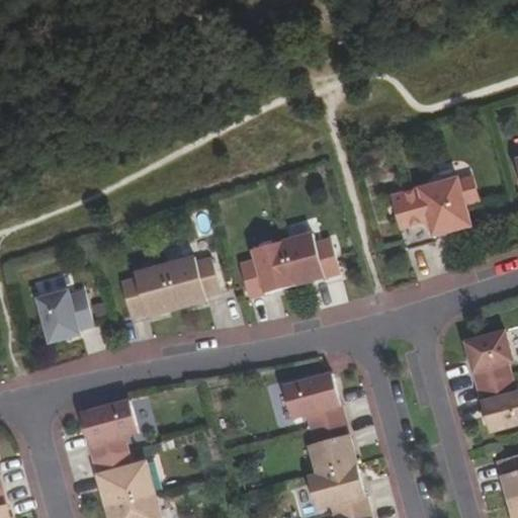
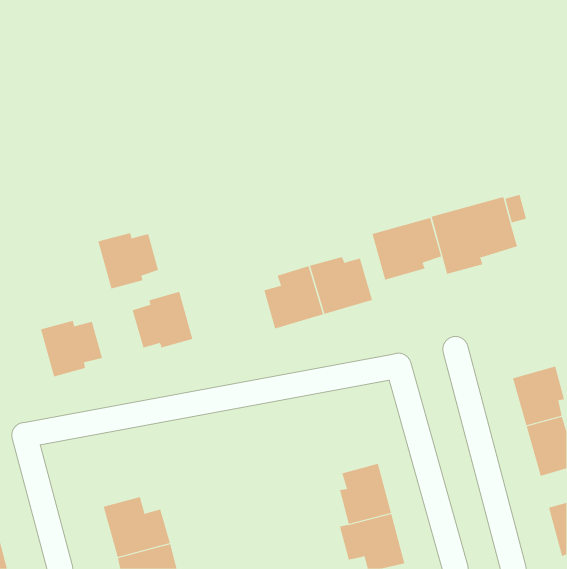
building: none -> [372,217,442,281]
building: [163,256,219,308] -> [97,232,159,289]
building: [282,373,343,429] -> none
building: [79,400,138,459] -> none

